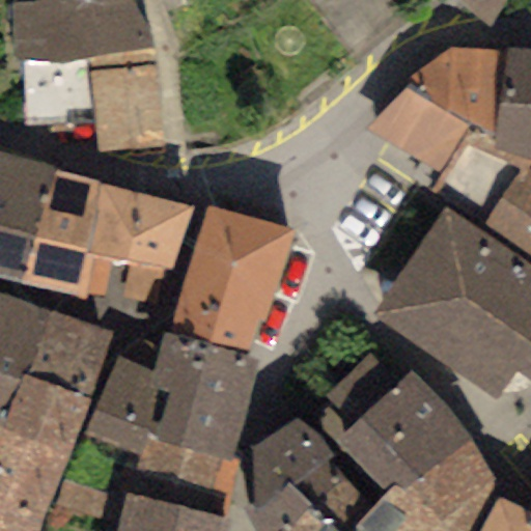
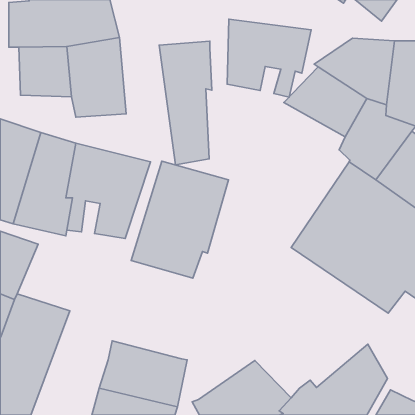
building: none -> [227,19,311,97]
building: none -> [159,41,212,165]
building: [23,311,111,396] -> none
building: [83,330,259,458] -> none
building: [317,354,470,495] -> none
building: [251,417,335,509] -> none

